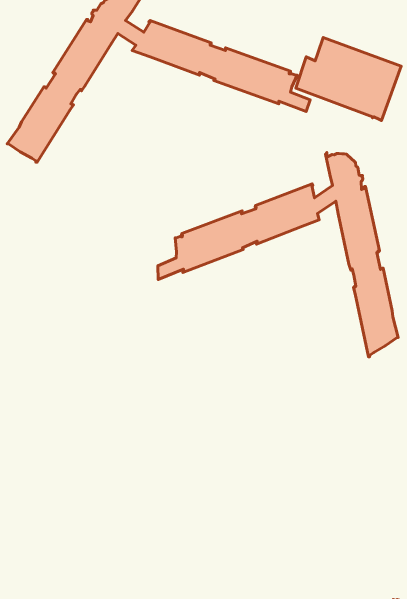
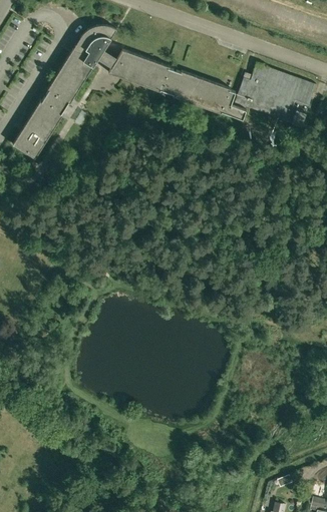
building: [158,153,398,357] -> none

